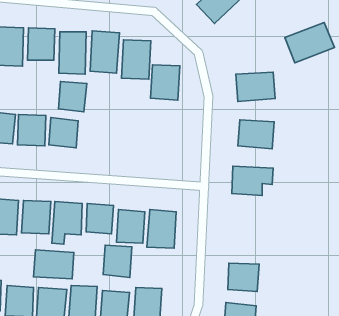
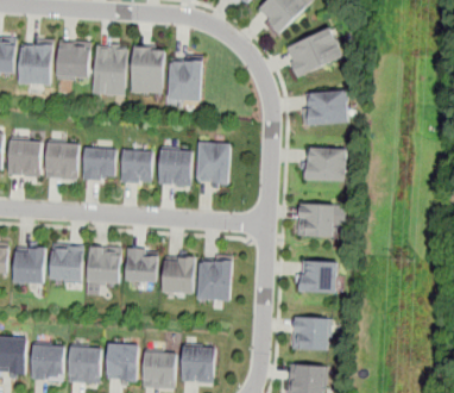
building: [285,22,334,63] -> [285,31,343,79]
building: [151,65,180,100] -> [196,144,231,186]
building: [58,82,87,112] -> [120,150,153,186]
building: none -> [158,149,193,187]
building: none -> [298,260,338,294]
building: [103,245,132,277] -> none
building: [34,250,74,279] -> none

